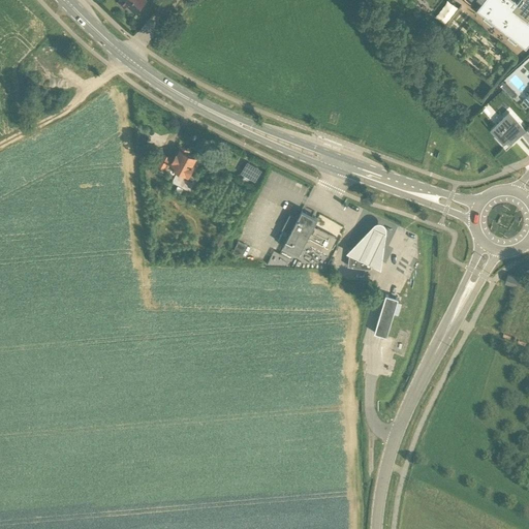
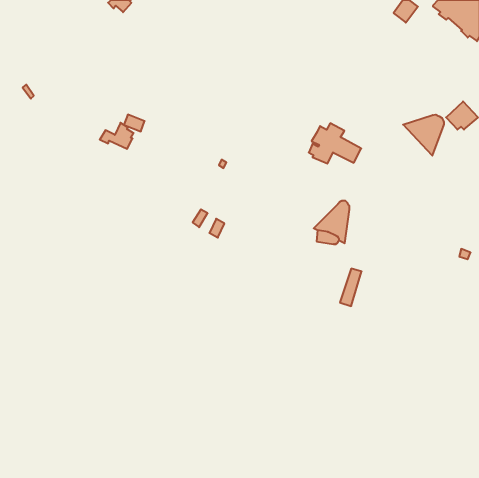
building: none -> [403,115,444,156]
building: [158,148,195,177] -> [100,123,134,149]
building: [279,212,337,256] -> [309,123,361,164]

